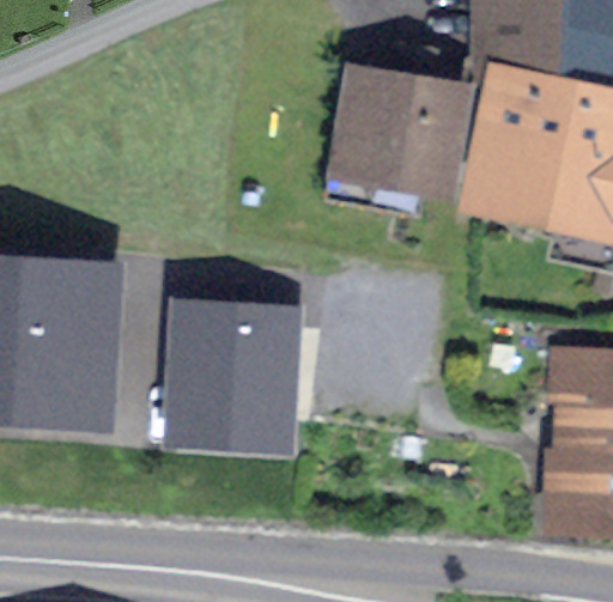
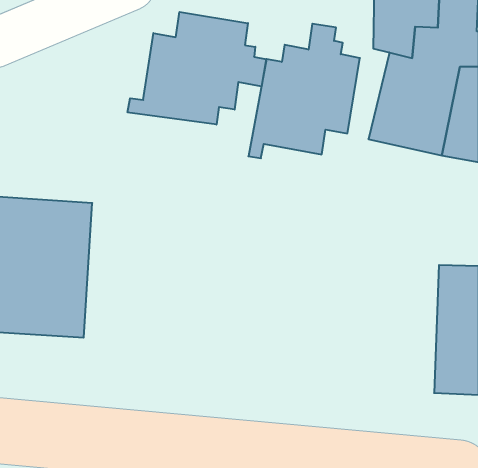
building: none -> [128,12,266,125]
building: [159,296,301,456] -> none

